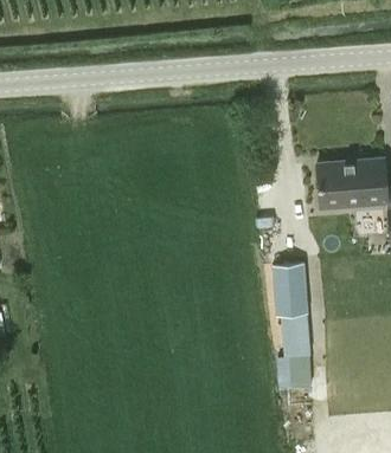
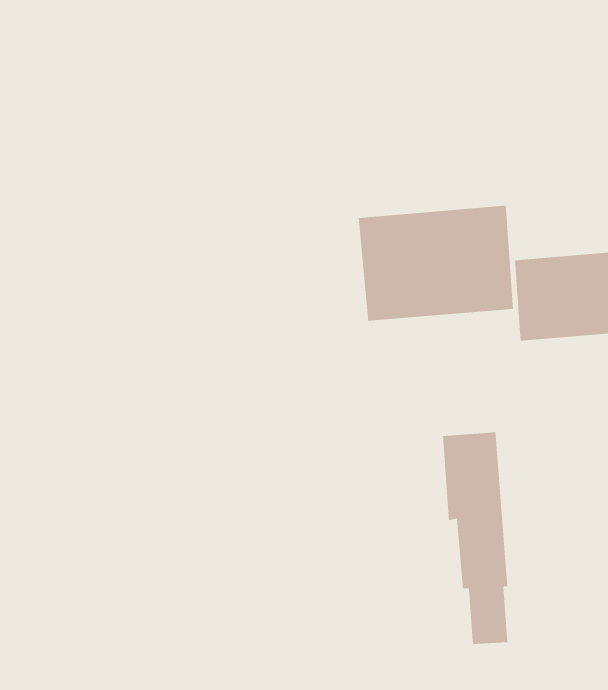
building: none -> [358,205,514,321]

